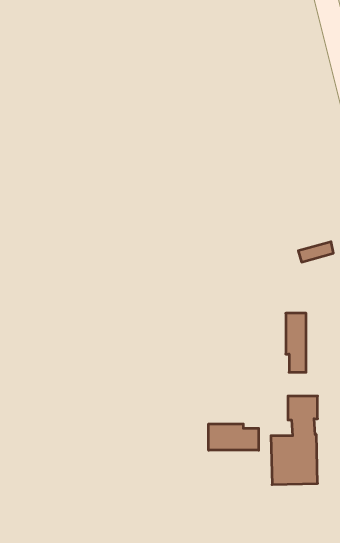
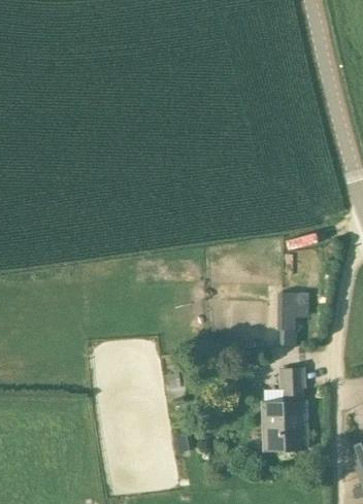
building: [209,424,259,450] -> none

